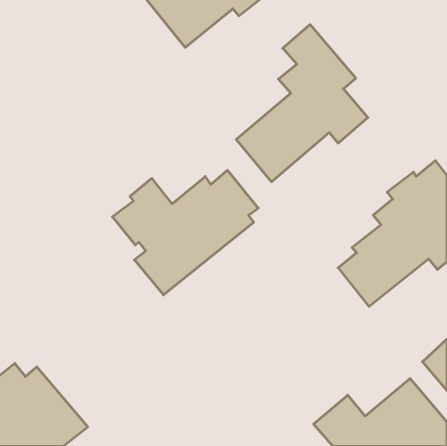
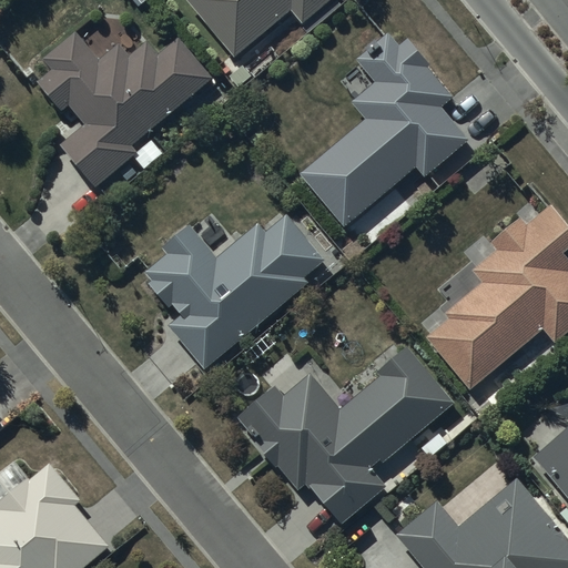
building: none -> [37,32,213,184]
building: none -> [240,342,457,527]

